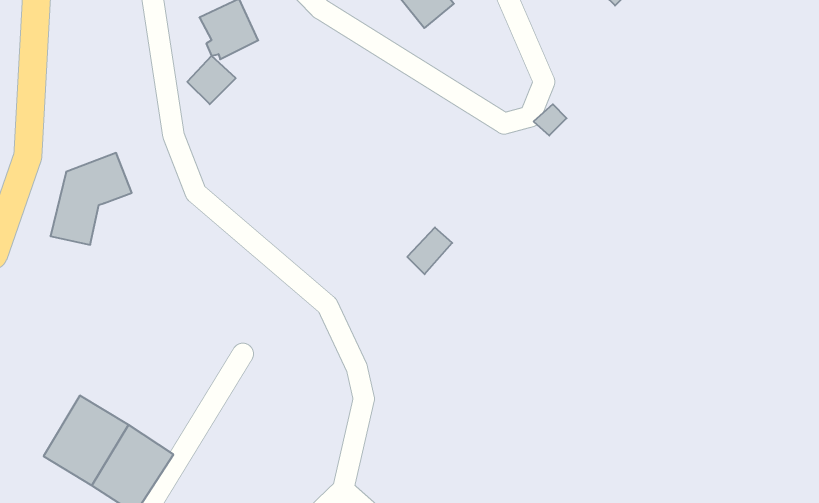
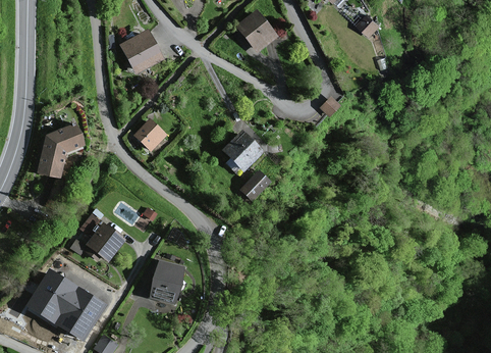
building: [187,56,236,104] -> [133,121,162,150]
building: none -> [225,130,262,167]
building: none -> [72,222,124,259]
building: none -> [151,258,184,301]

